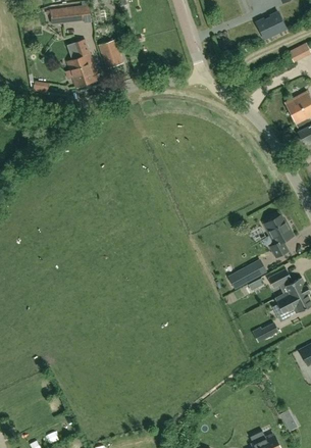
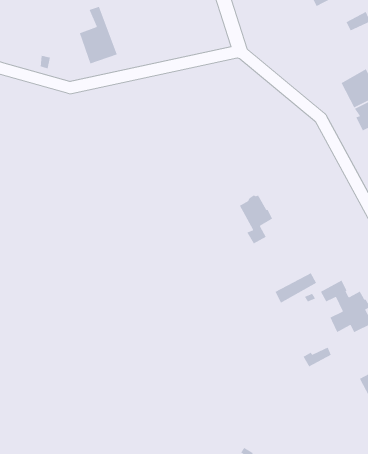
building: [98,40,122,68] -> none
building: [264,214,293,256] -> [239,194,273,244]

